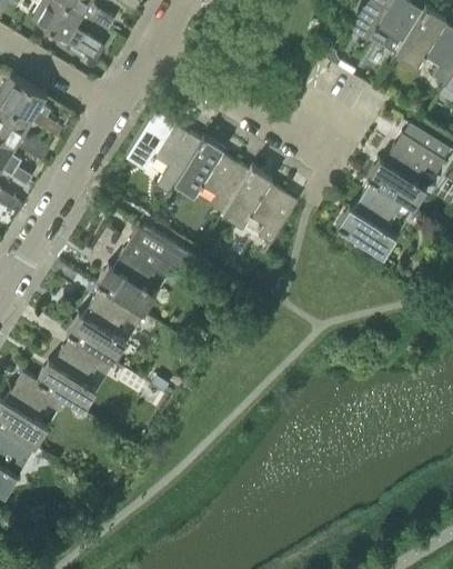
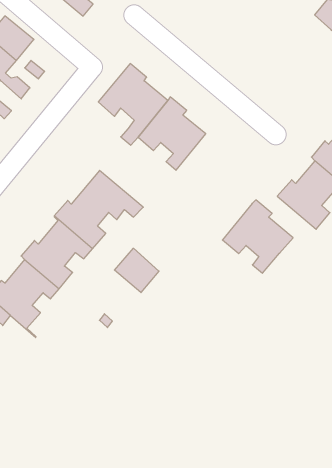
building: [222,167,299,246] -> [222,200,293,273]
building: none -> [114,248,159,293]

